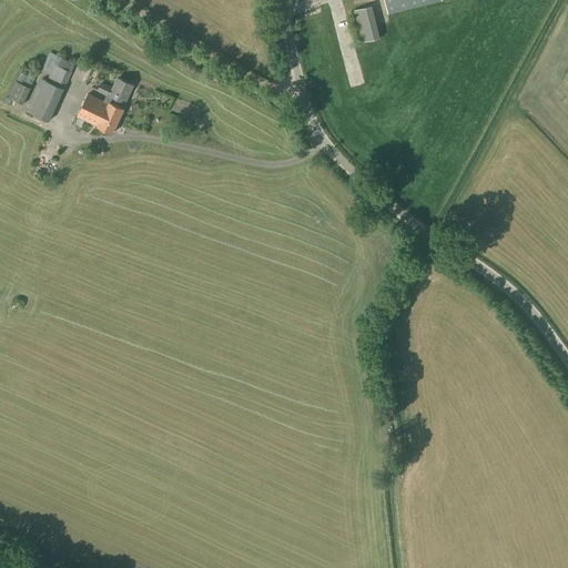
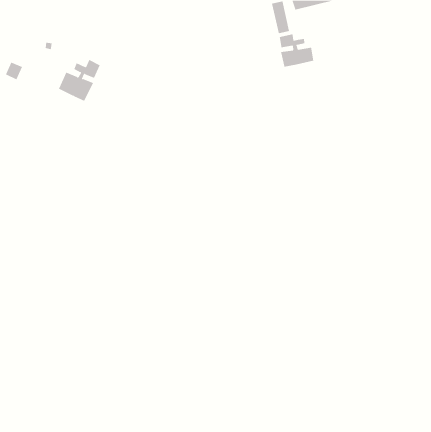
building: none -> [279,34,314,68]
building: [23,53,71,121] -> none

